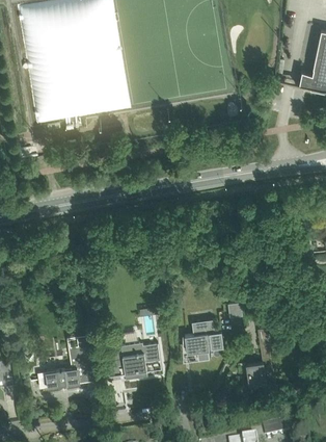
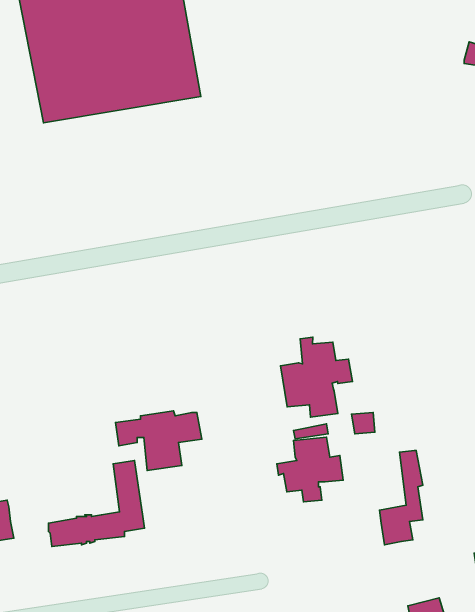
building: none -> [281,337,352,417]
building: [106,342,160,380] -> [116,411,202,470]

